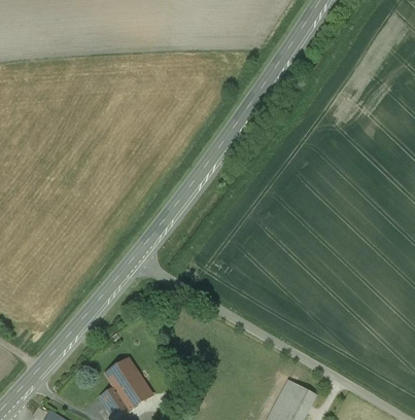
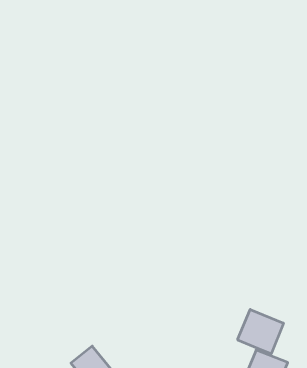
building: none -> [238,309,283,354]

